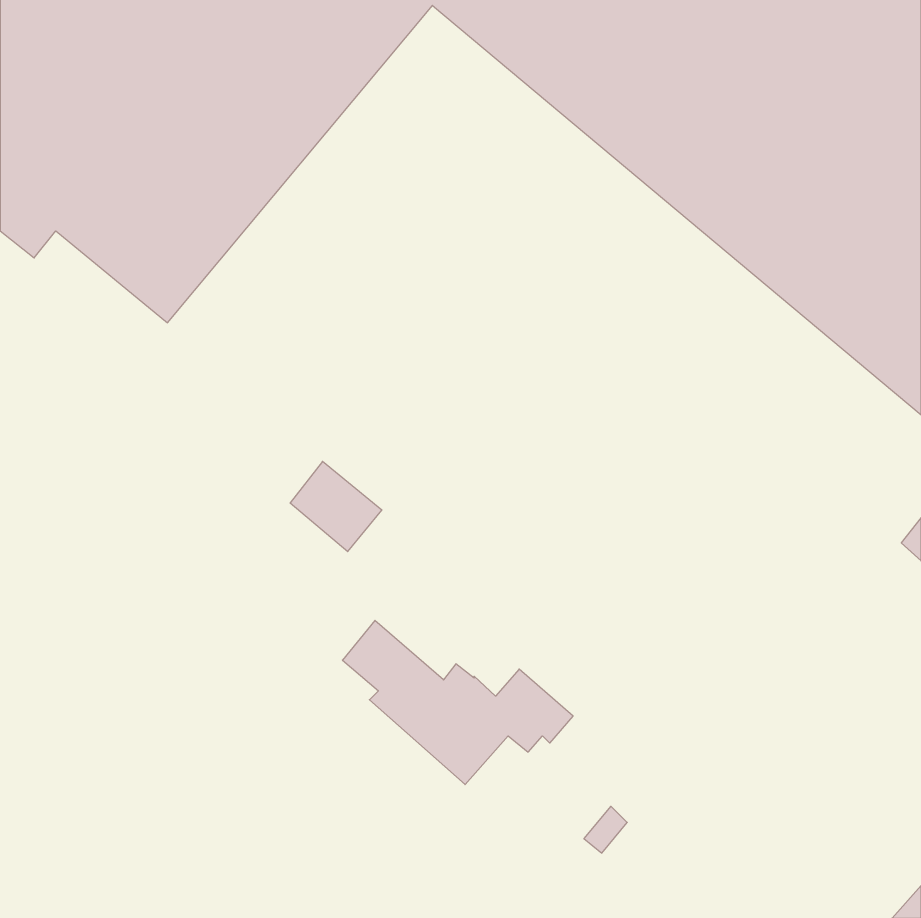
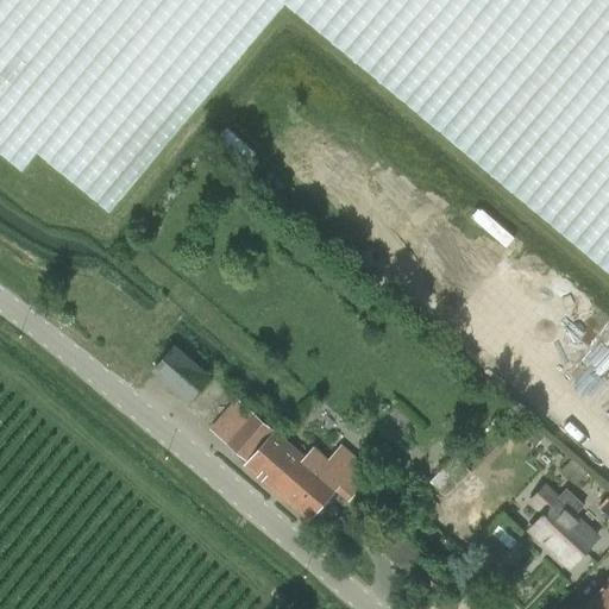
building: [290,461,382,552] -> [151,343,212,402]
building: none -> [532,489,598,567]

